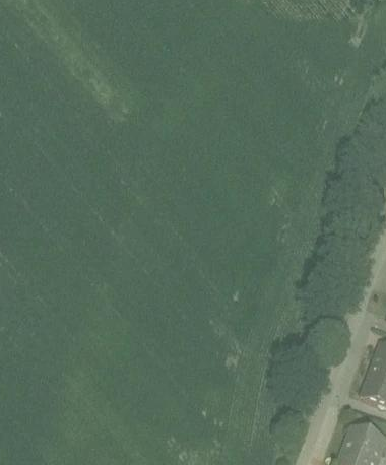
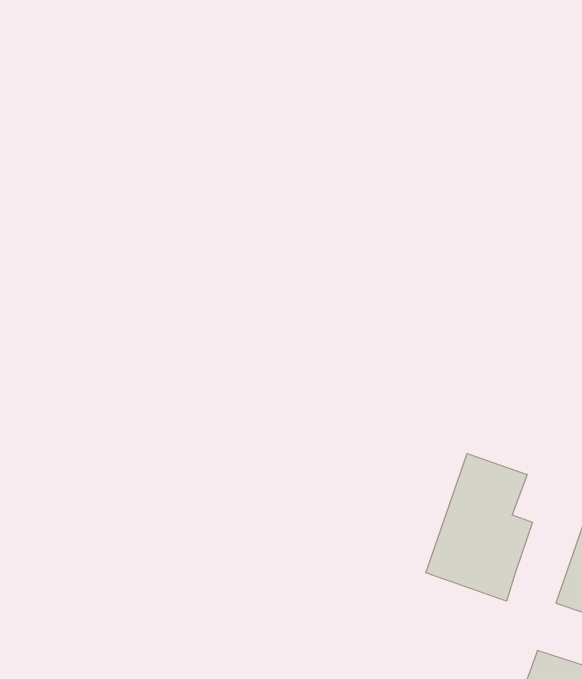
building: none -> [426,454,533,601]

